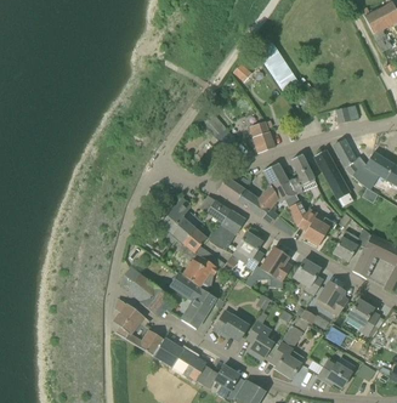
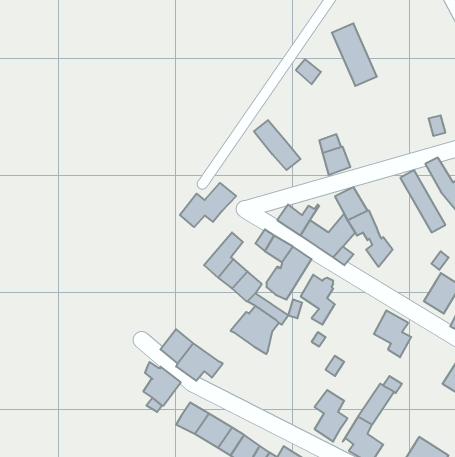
building: [290,155,318,195] -> none
building: none -> [180,183,236,227]
building: [297,210,329,246] -> none
building: [261,248,291,289] -> none
building: [171,273,216,329] -> none
building: [318,282,348,316] -> none
building: [214,311,249,342] -> none

